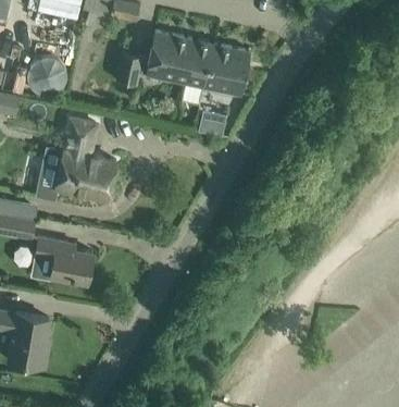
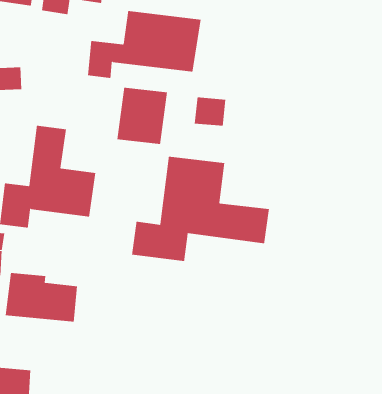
building: [204,44,250,94] -> [116,87,168,145]
building: none -> [132,156,269,262]

